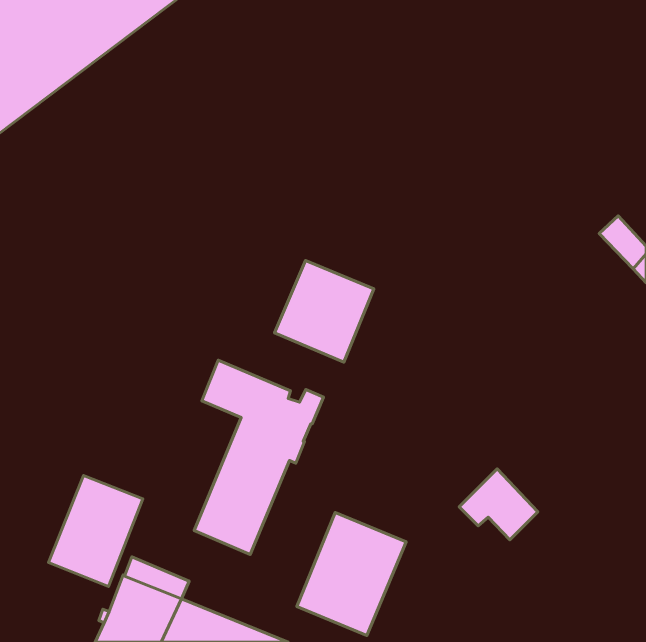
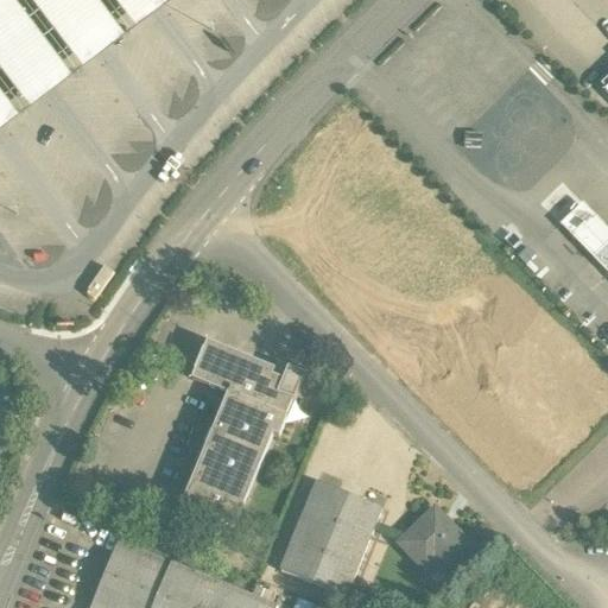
building: [274,260,374,362] -> none
building: [459,469,538,540] -> [397,506,470,572]
building: [48,476,143,587] -> none

